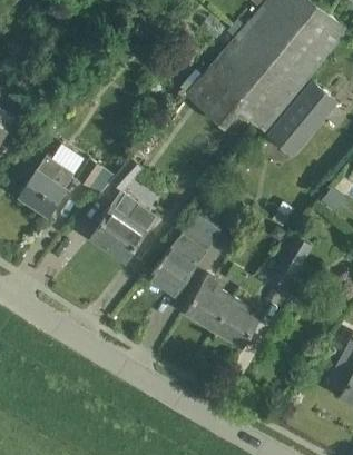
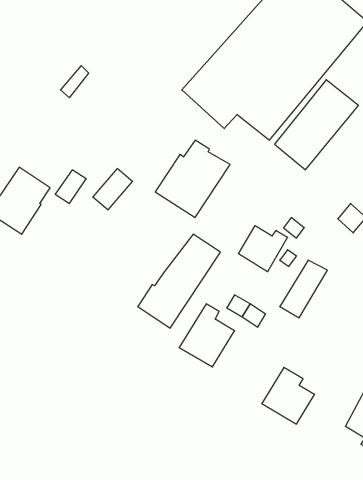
building: [91,194,156,260] -> [155,140,230,217]
building: none -> [238,226,288,272]
building: [214,298,259,347] -> [262,367,315,424]

